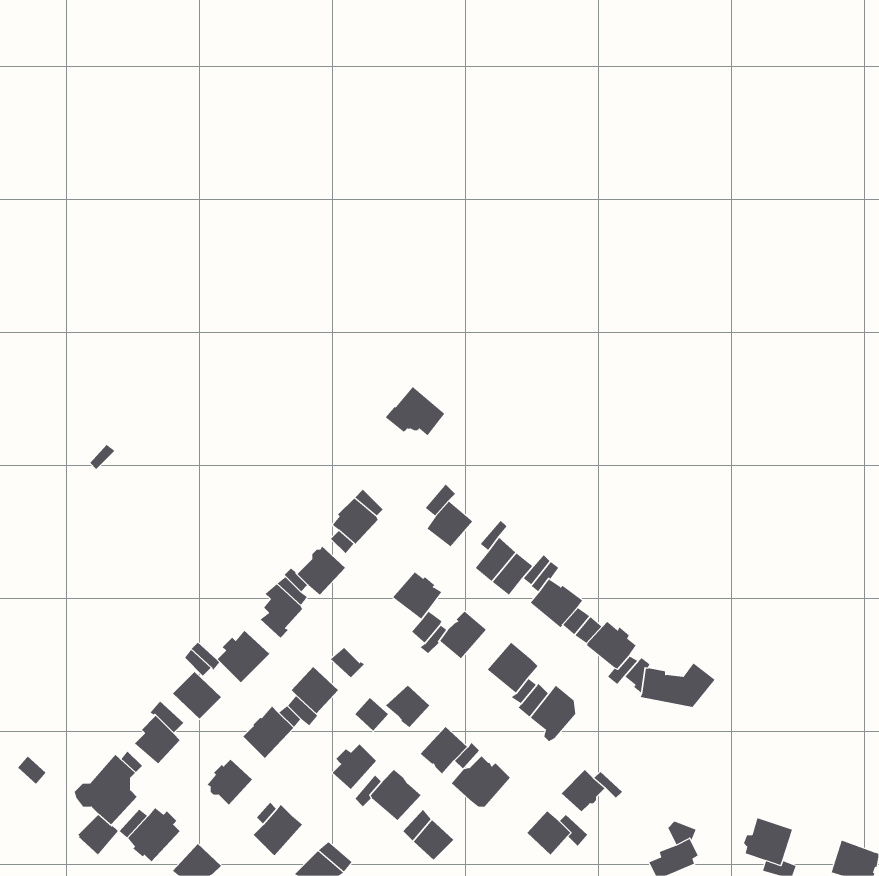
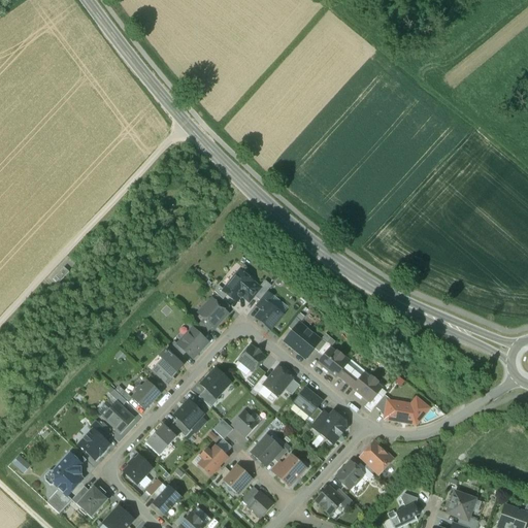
building: [385,386,445,436] -> [223,270,259,300]
building: none -> [201,367,230,397]
building: none -> [362,442,391,471]

